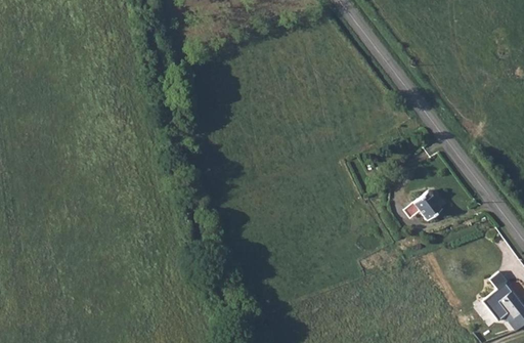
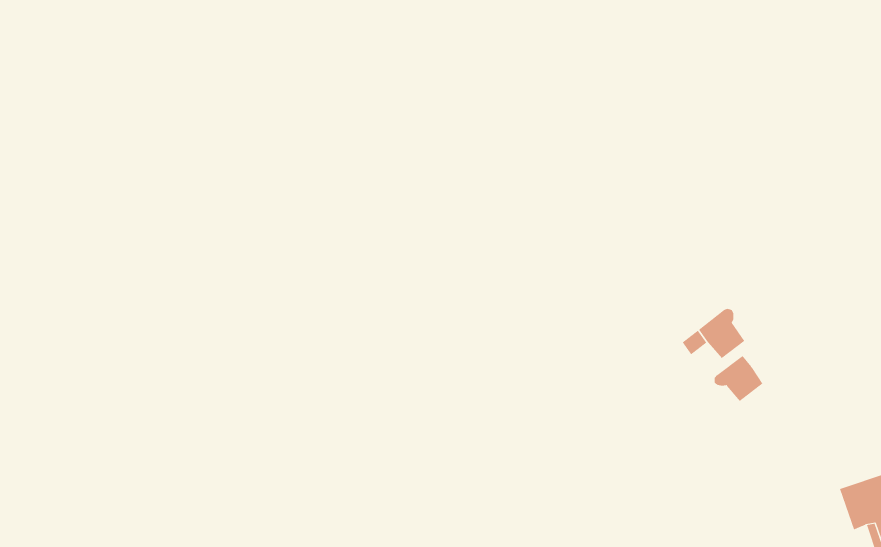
building: none -> [714,355,763,402]

